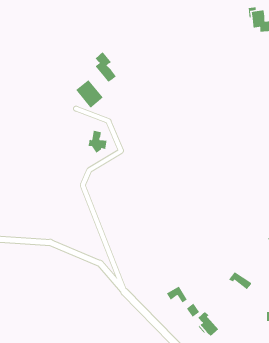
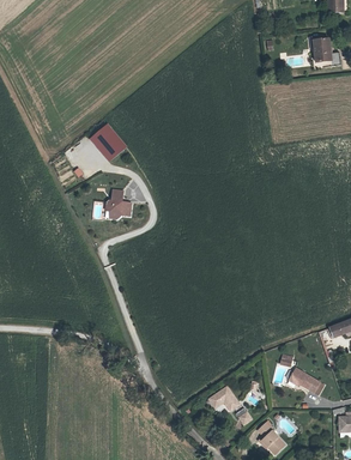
building: [95,51,117,83] -> none

